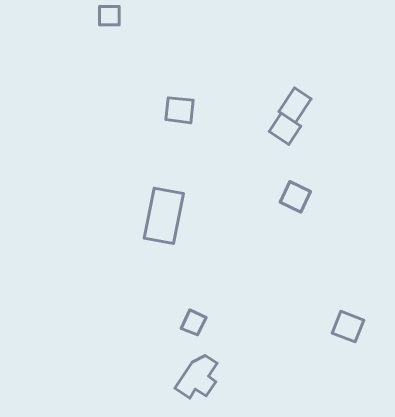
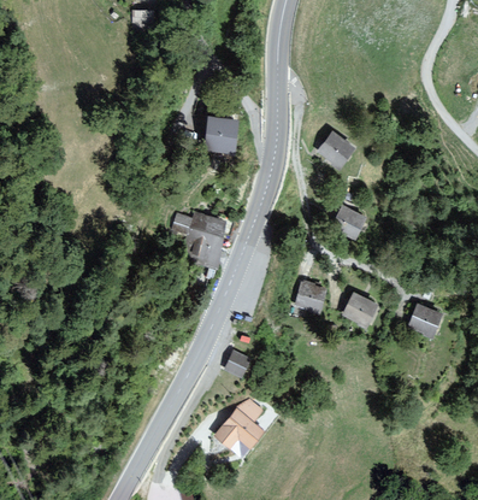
building: [279,88,311,122] -> none
building: none -> [295,283,326,312]
building: none -> [344,295,377,327]
building: [332,311,364,342] -> [408,304,443,337]

